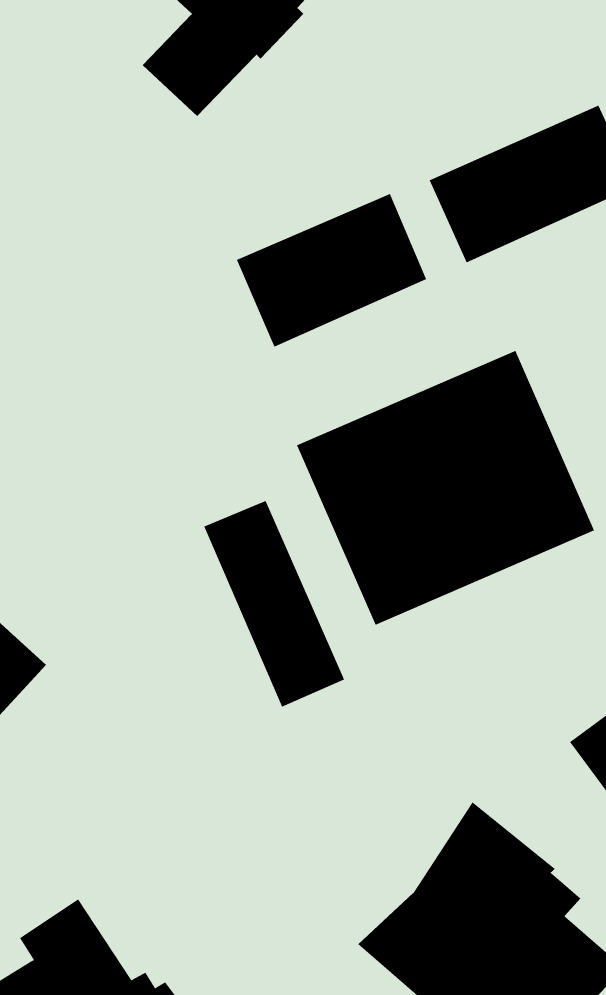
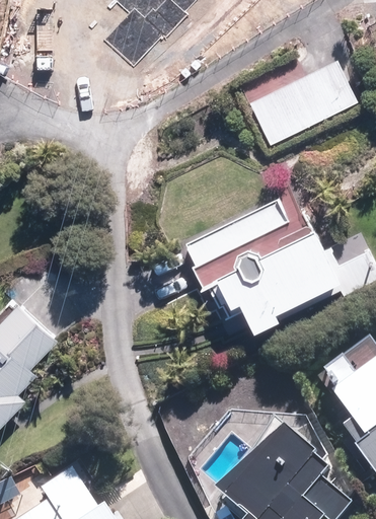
building: [236,193,427,348] -> none
building: [203,500,345,707] -> none

